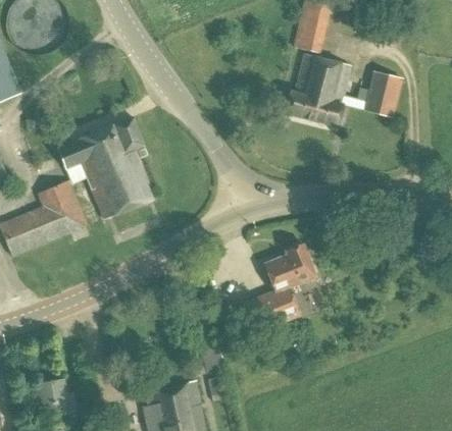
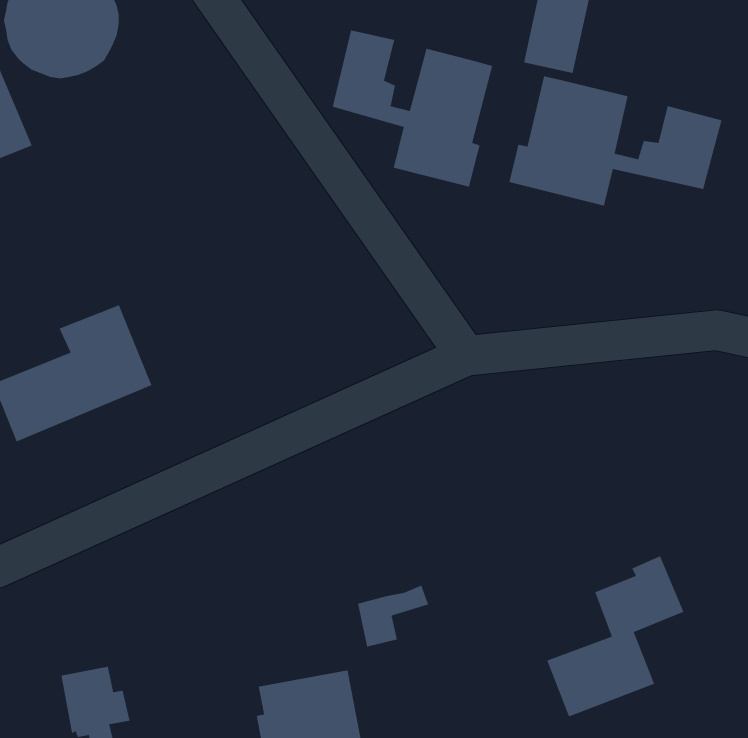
building: none -> [332,29,493,187]
building: [57,116,156,217] -> none
building: [239,244,315,333] -> [546,555,685,717]

